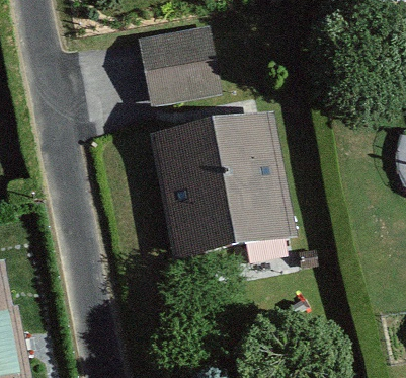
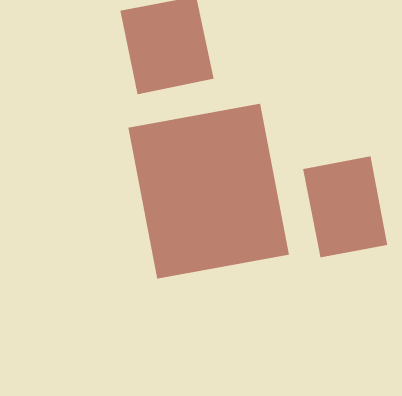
building: none -> [302,156,388,258]

